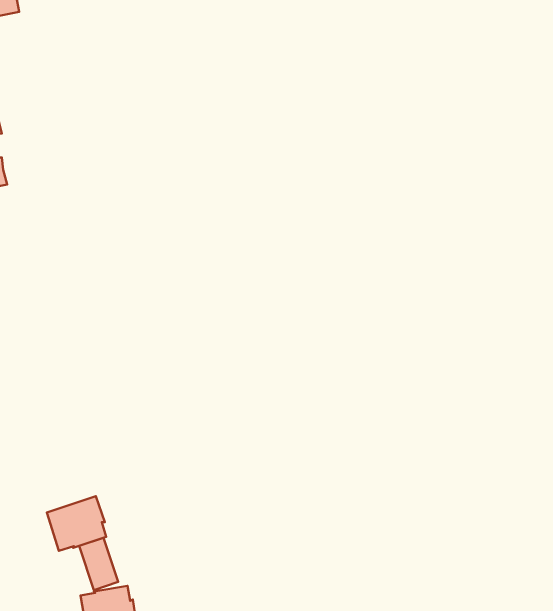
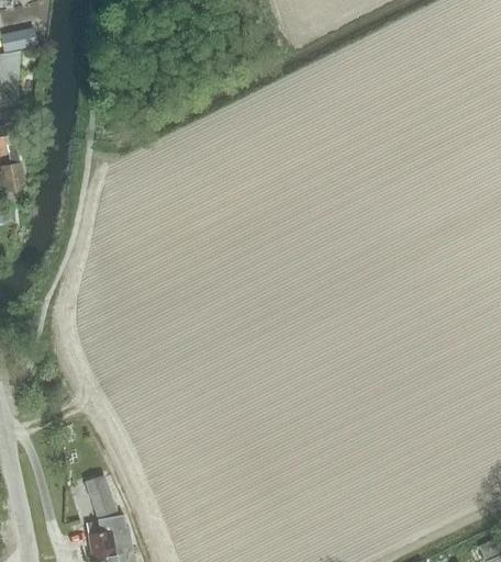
building: [47,496,106,551] -> none

